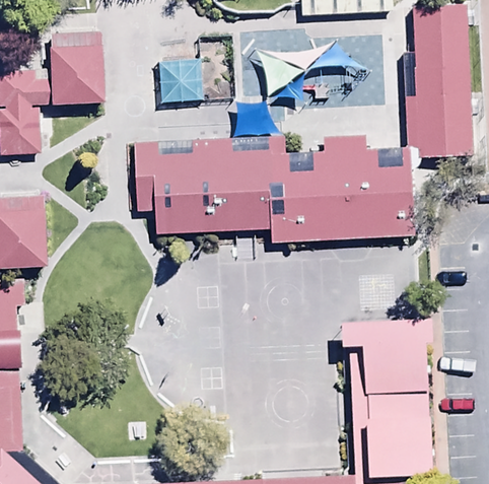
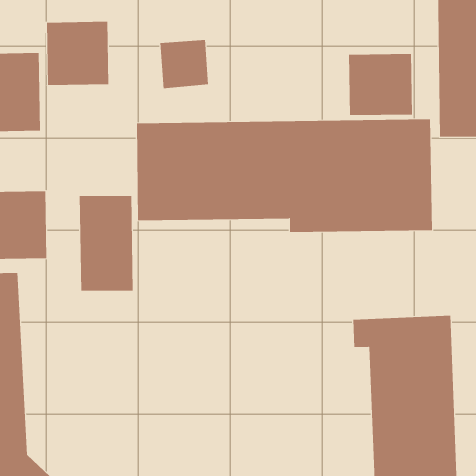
building: none -> [349,53,412,116]
building: none -> [79,195,133,291]

